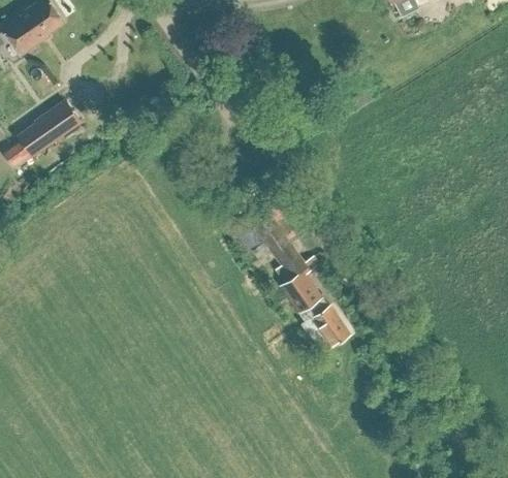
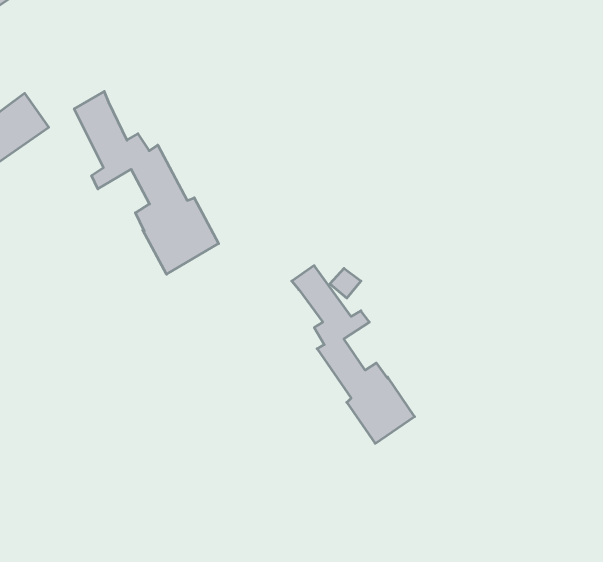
building: none -> [74,91,219,274]

